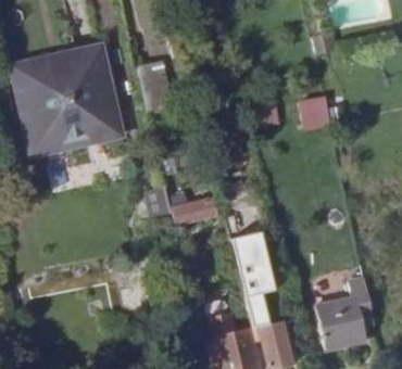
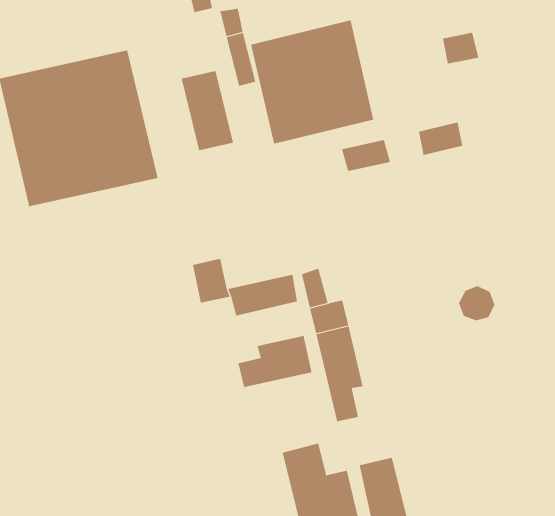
building: none -> [251,20,374,145]
building: none -> [238,335,312,388]
building: [315,278,375,349] -> none

